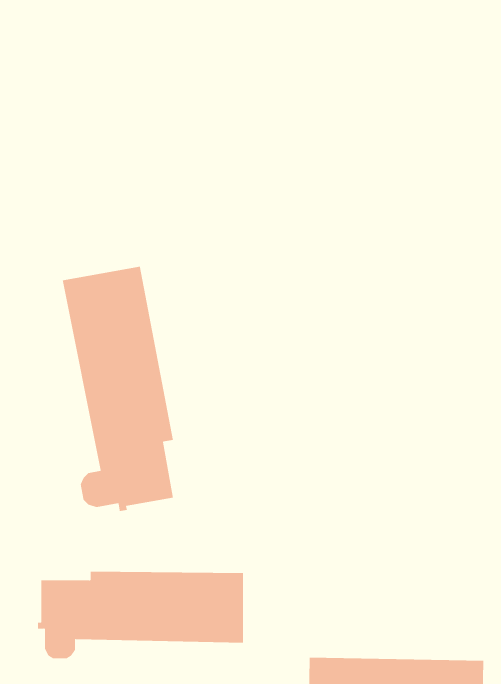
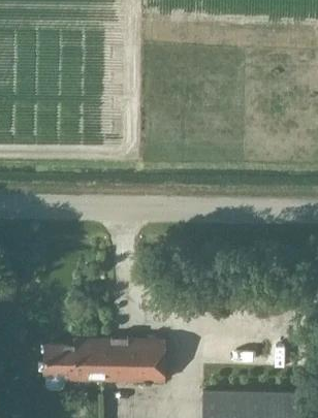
building: [62,266,174,512] -> none

